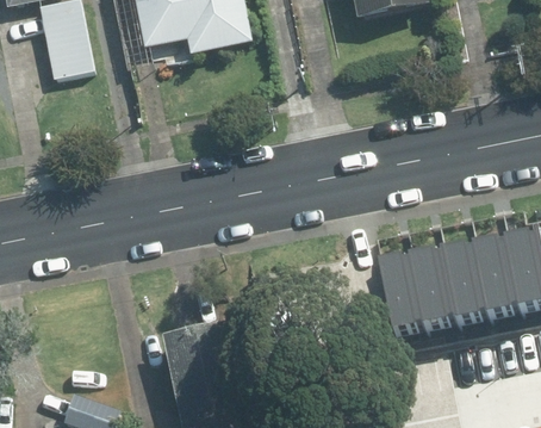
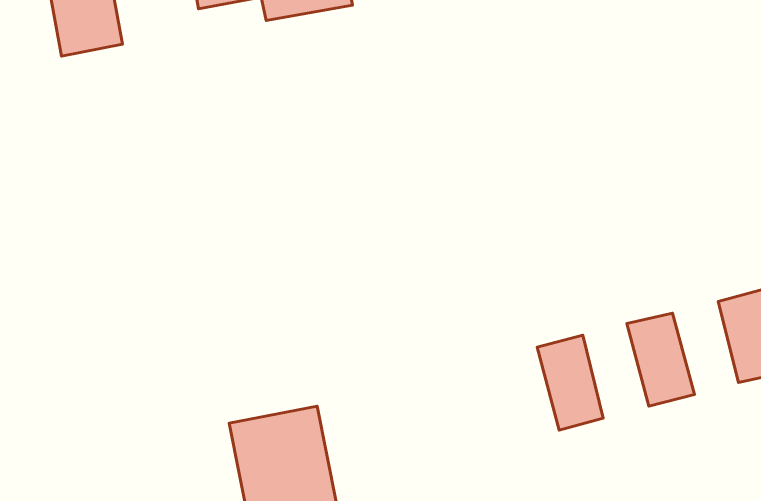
building: [478,249,524,315] -> none
building: [415,265,461,331] -> none

